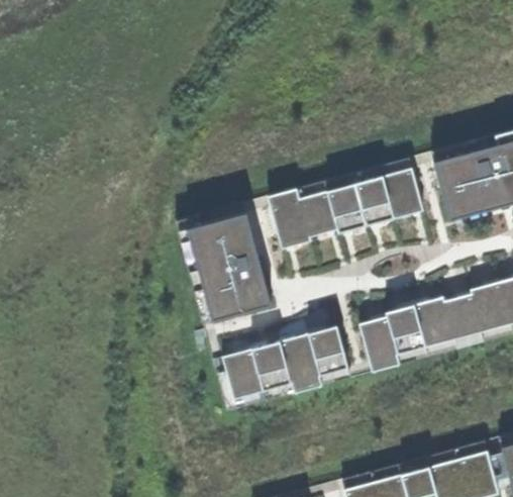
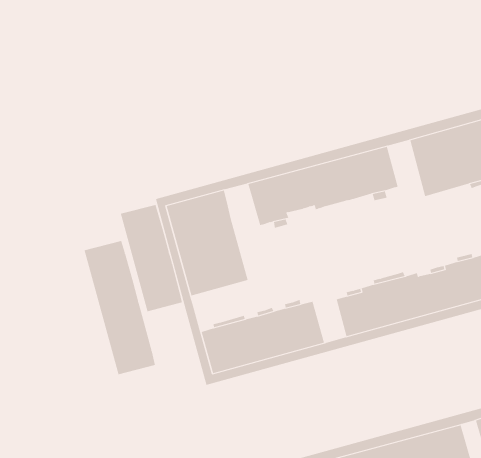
building: none -> [120,204,183,312]
building: none -> [84,240,156,375]

